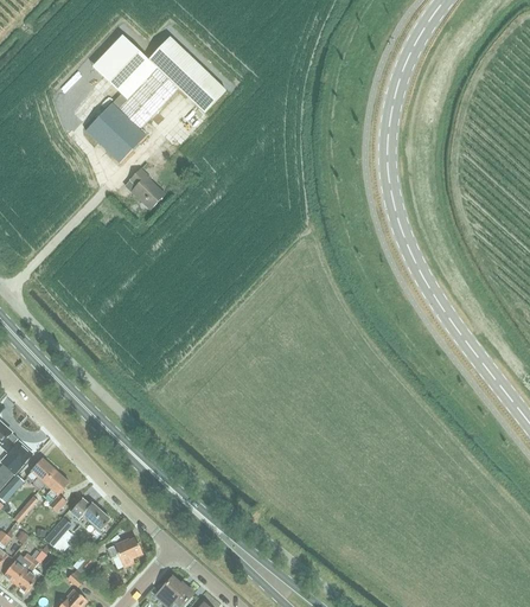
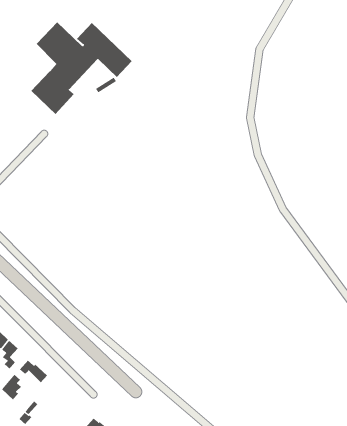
building: [128,167,162,207] -> none
building: [107,537,142,567] -> none

